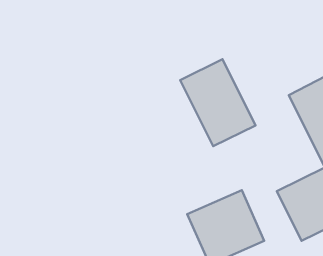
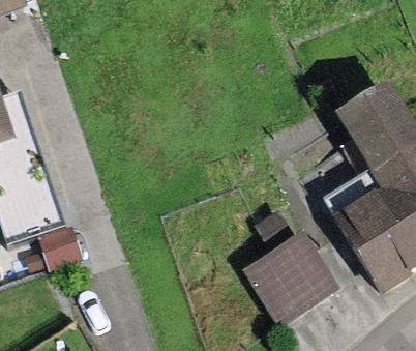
building: [180,59,256,146] -> none

